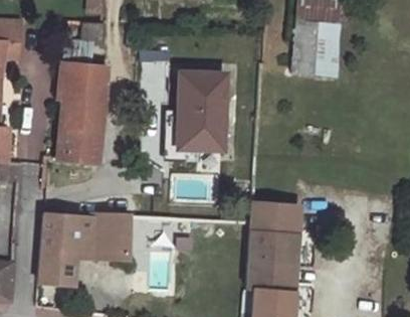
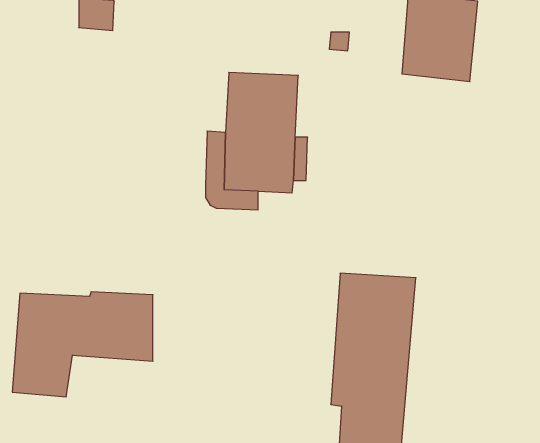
building: [56,62,108,162] -> none

